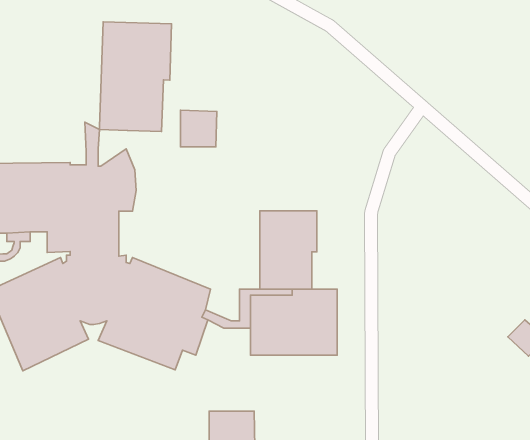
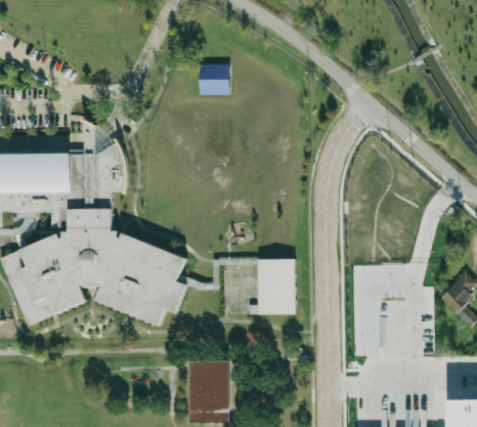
building: [99,22,172,132] -> none
building: [180,110,217,147] -> [199,62,229,93]
building: [260,211,317,289] -> none

